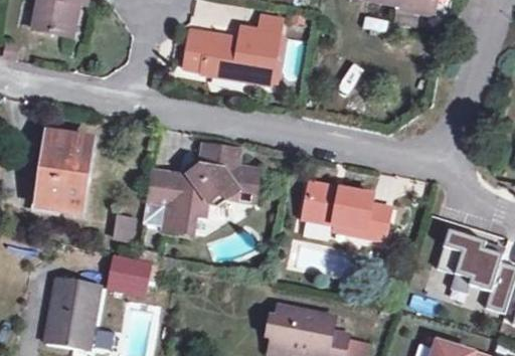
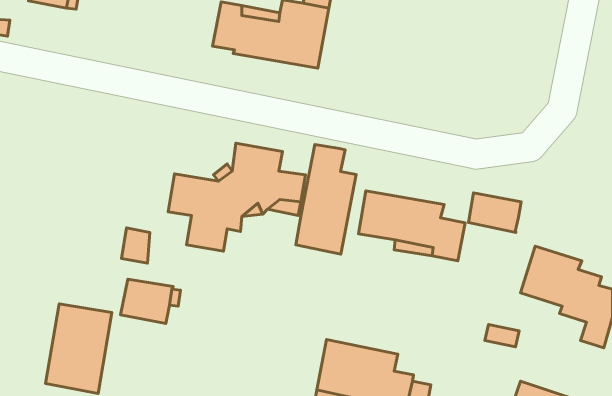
building: [39,134,92,211] -> none
building: none -> [296,145,356,254]
building: none -> [468,193,521,232]

